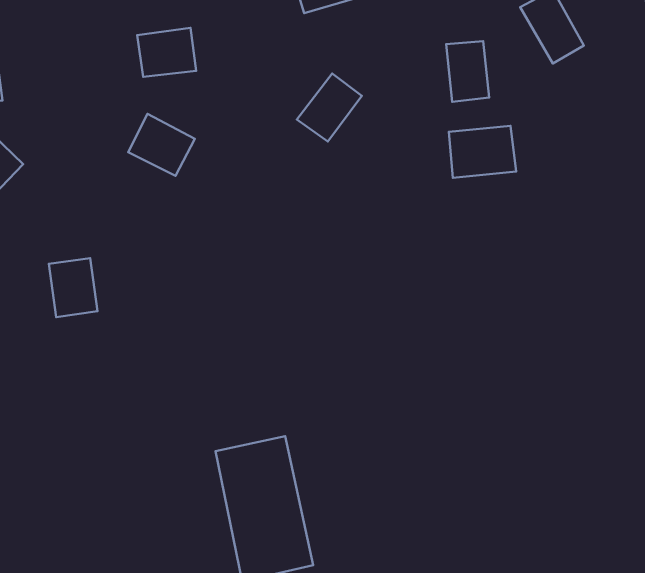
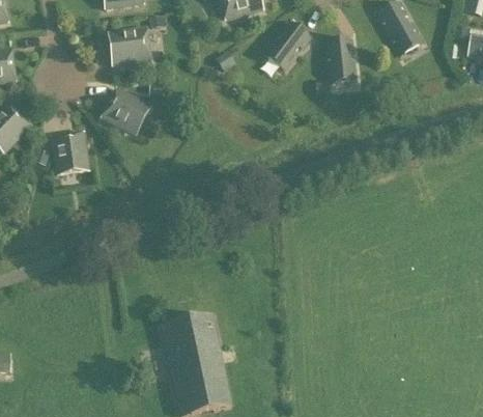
building: [297,74,362,142] -> [264,20,310,67]
building: [449,126,516,178] -> none
building: [49,258,98,317] -> [53,132,87,173]

